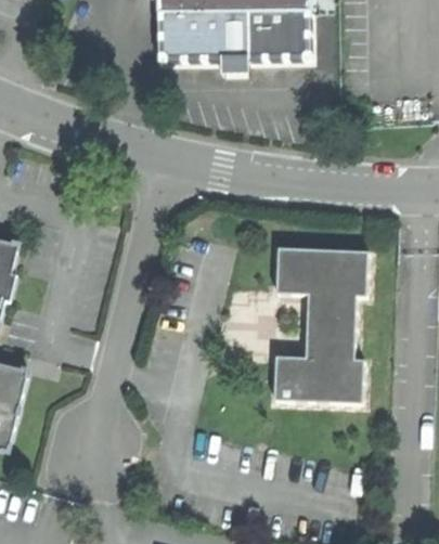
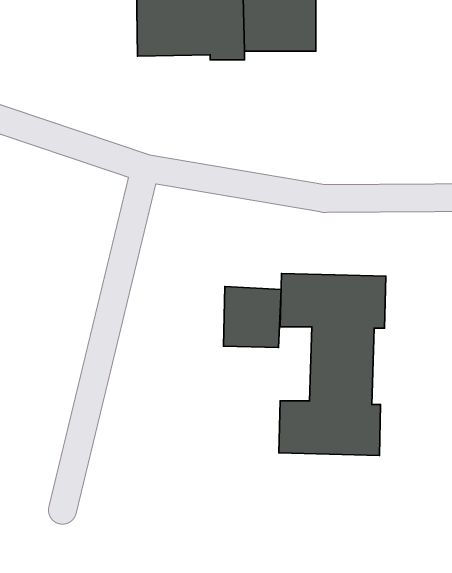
building: none -> [223,287,281,347]

